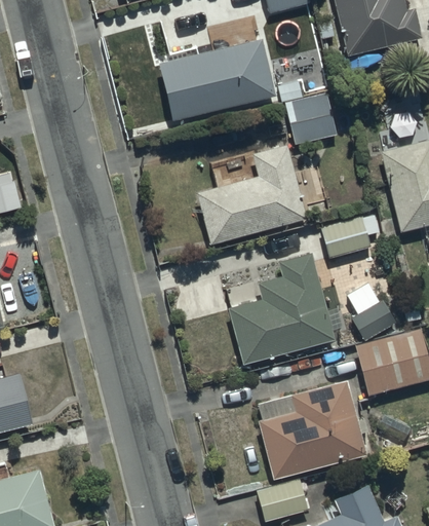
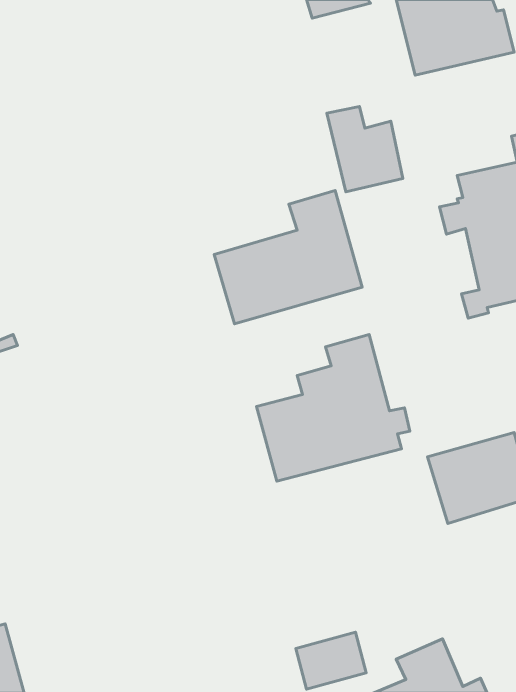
building: [155,38,276,124] -> none
building: [321,212,383,259] -> none
building: [347,283,400,341] -> none
building: [257,381,365,481] -> none

